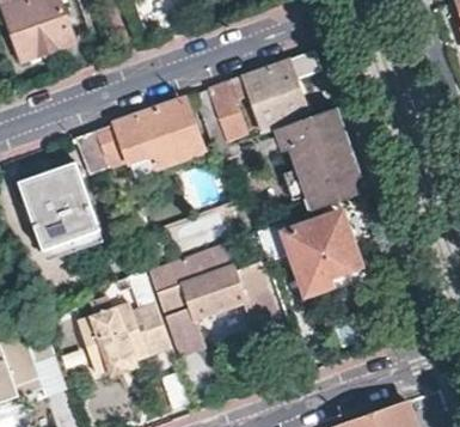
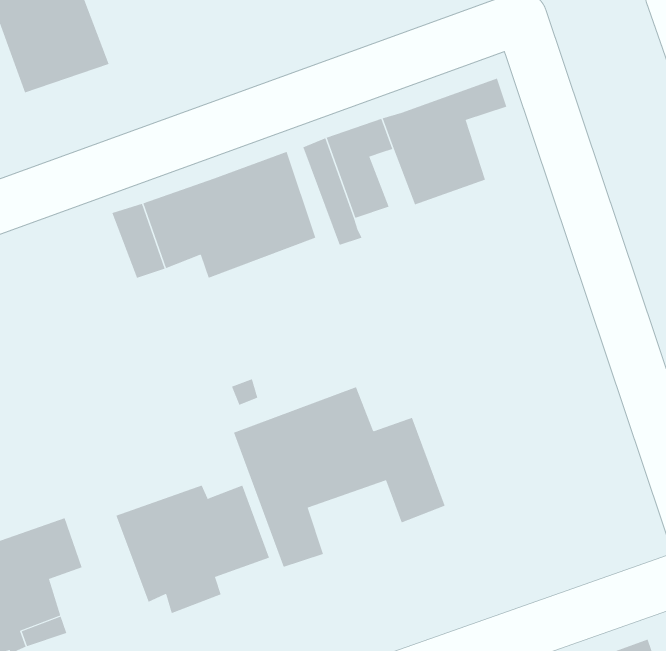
building: [268,108,364,213] -> none
building: [18,161,98,249] -> none
building: [282,215,360,292] -> none

